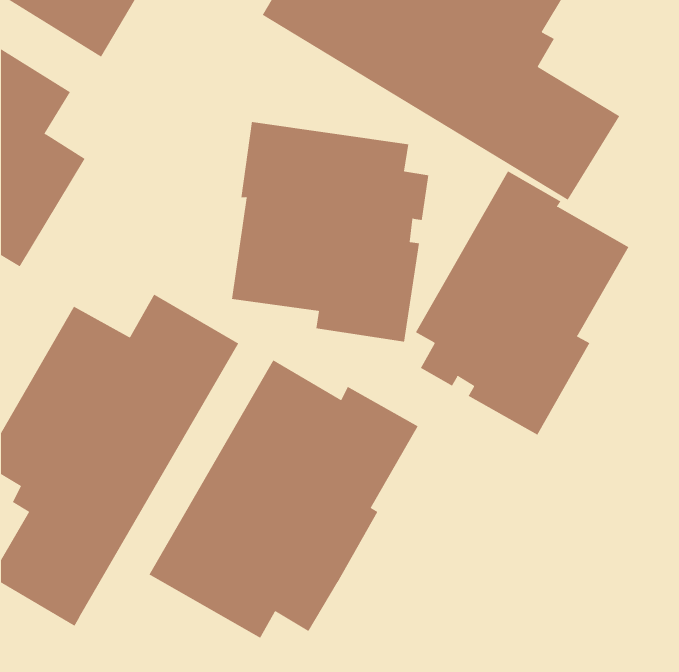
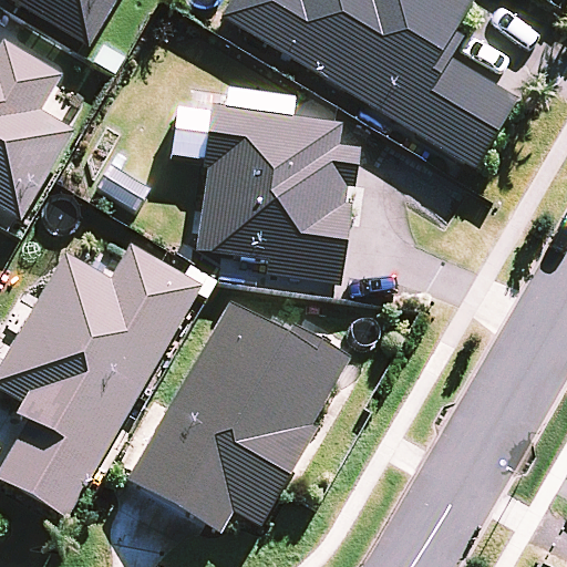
building: [415,170,629,435] -> none

